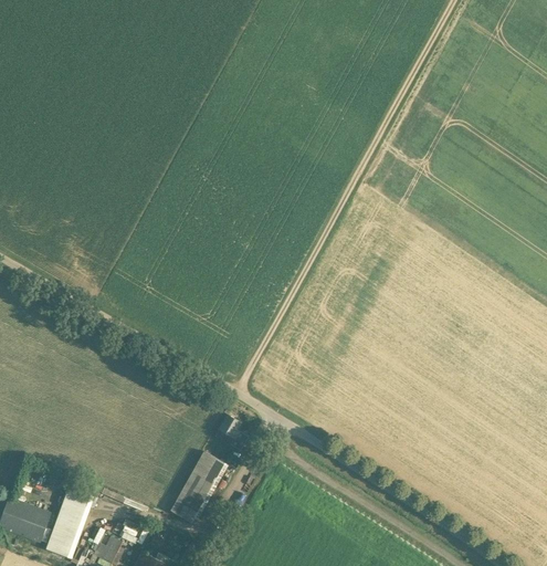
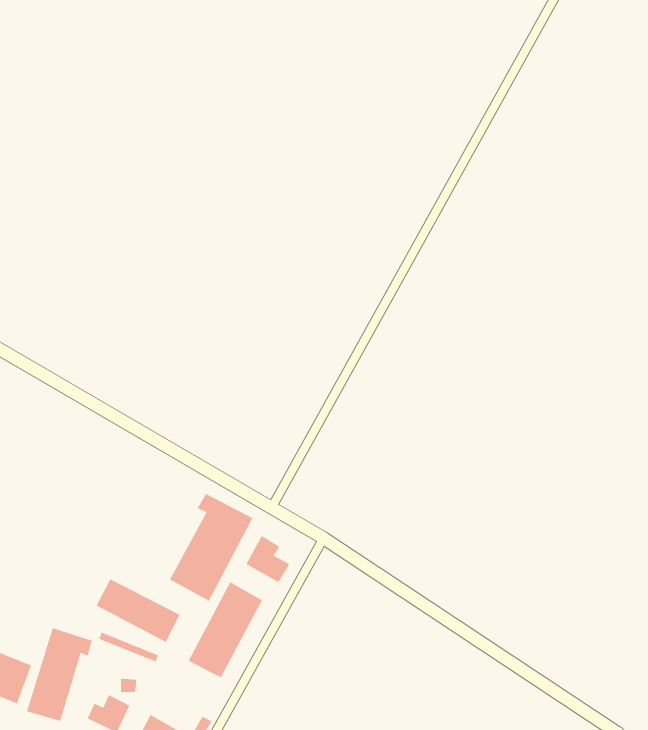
building: none -> [169,493,253,601]
building: none -> [96,578,180,643]

